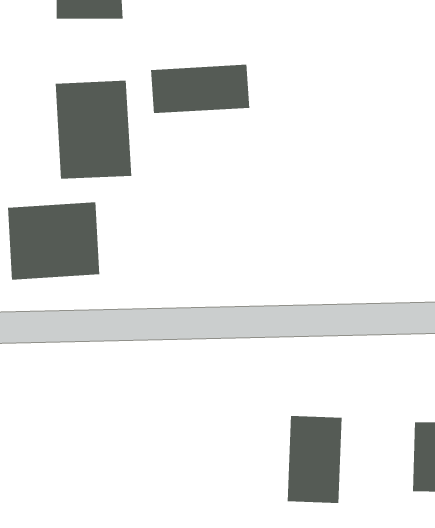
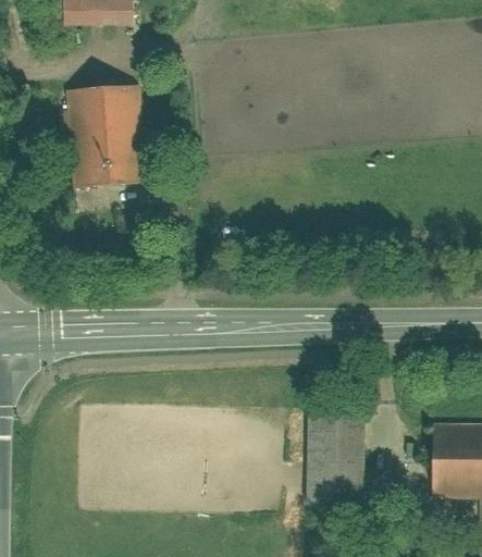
building: [151,64,250,114] -> none
building: [7,201,100,281] -> none

